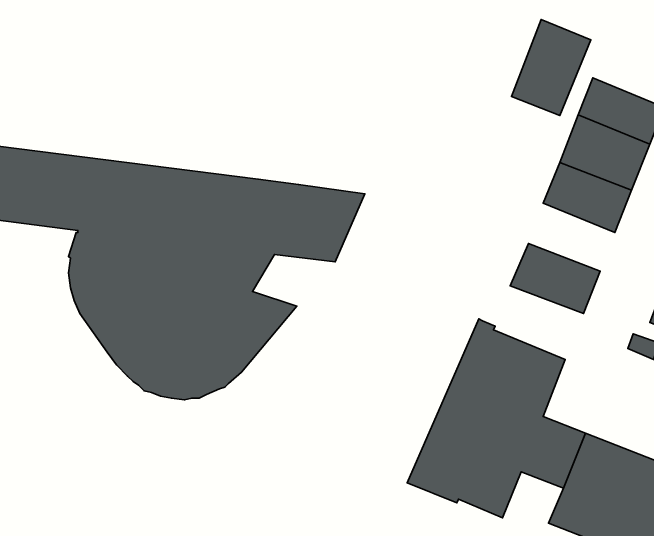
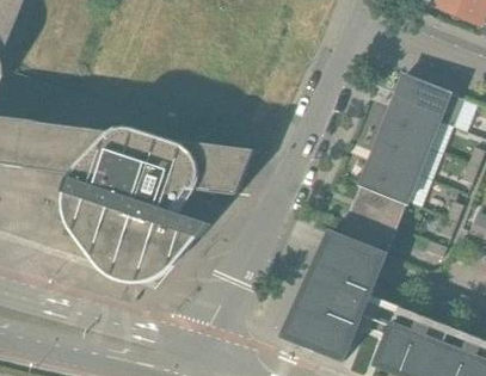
building: [512,20,591,116] -> none
building: none -> [362,156,418,201]
building: none -> [339,210,398,258]

